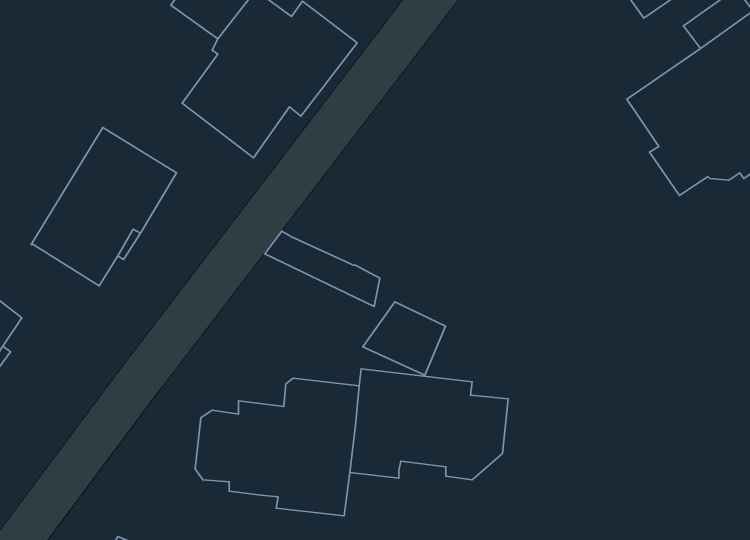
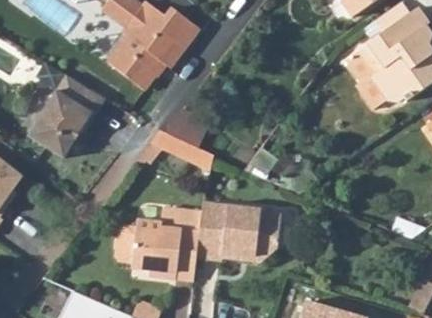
building: [363,302,446,375] -> [165,108,209,147]

